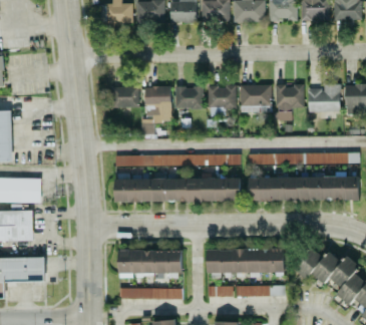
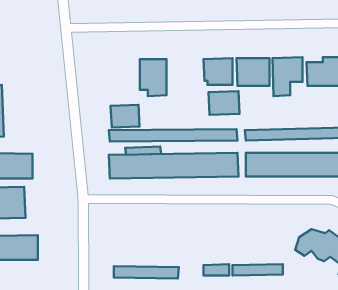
building: [110,86,138,108] -> [111,105,139,127]
building: [173,86,204,109] -> [209,91,239,115]
building: [207,249,284,273] -> none
building: [117,250,181,274] -> none

